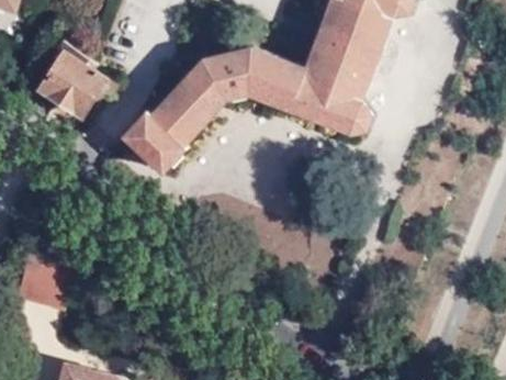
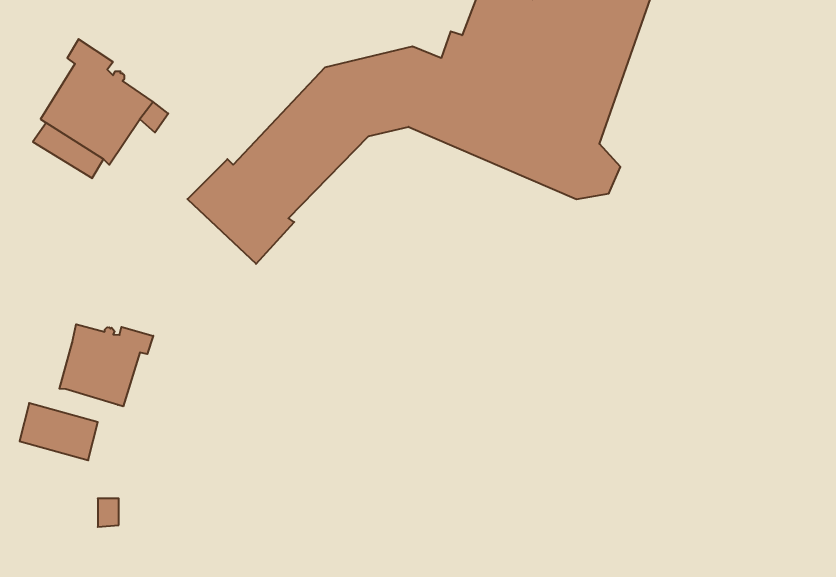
building: none -> [59,324,153,406]

